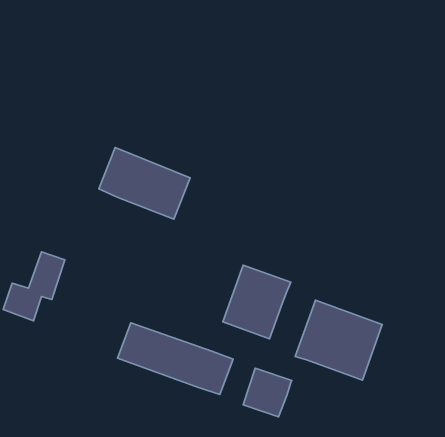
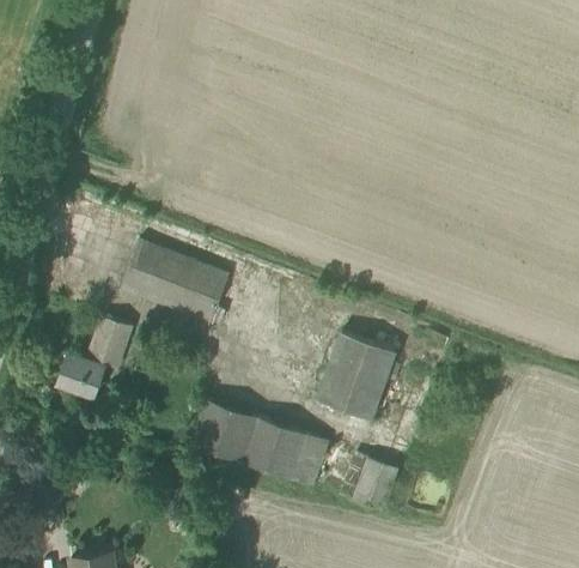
building: [99,147,190,219] -> [120,240,227,325]
building: [295,300,382,380] -> none

